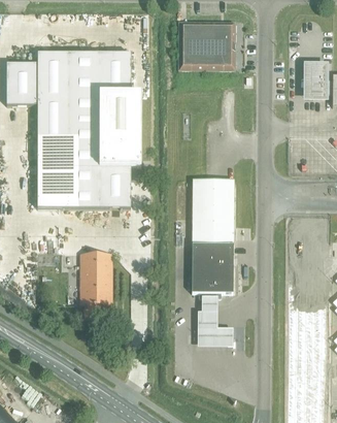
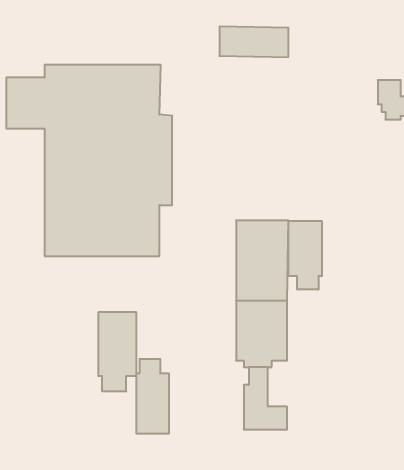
building: [178,45,234,70] -> none
building: none -> [288,221,322,290]
building: none -> [136,359,169,434]

